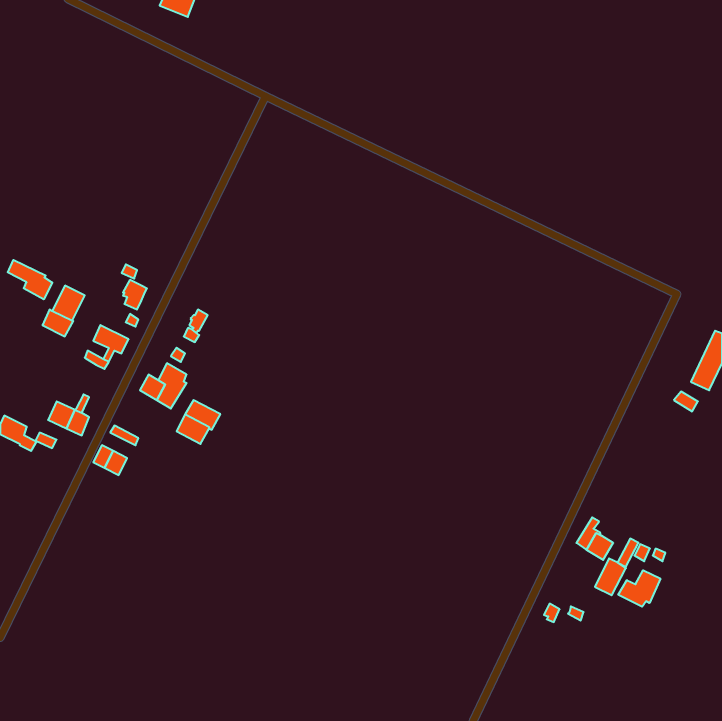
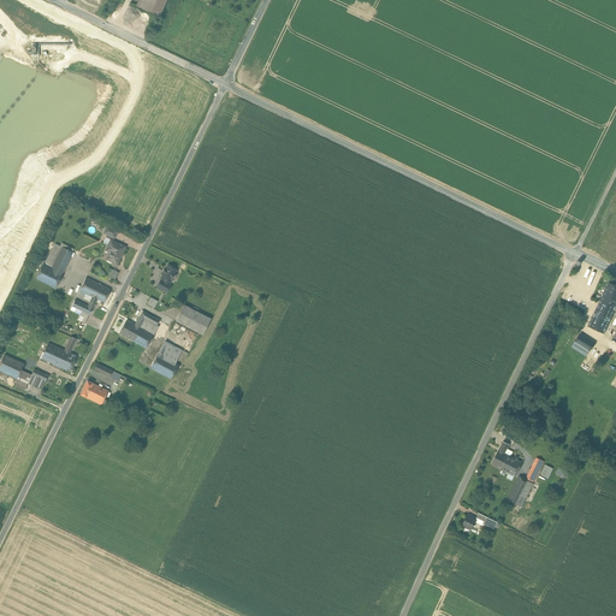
building: [8,260,52,299] -> none
building: none -> [176,303,211,334]
building: [618,570,660,607] -> none

